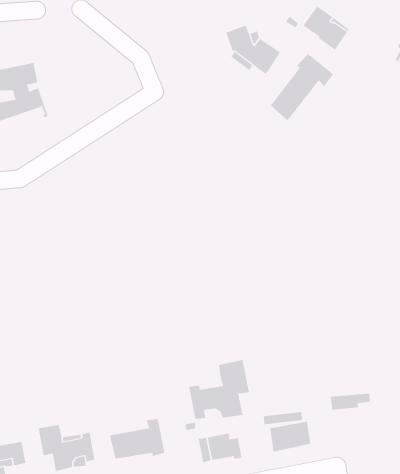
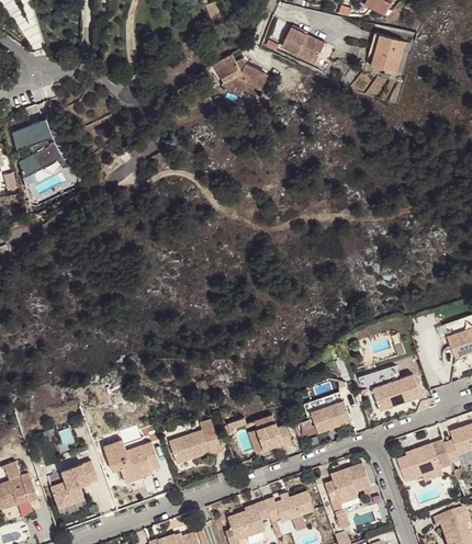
building: [270,53,334,121] -> none
building: [189,359,250,420] -> none
building: none -> [371,375,420,410]

